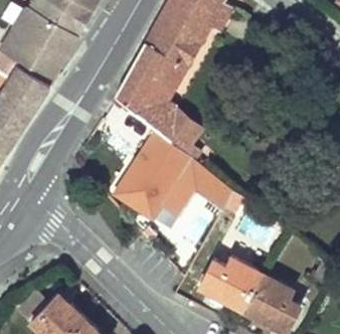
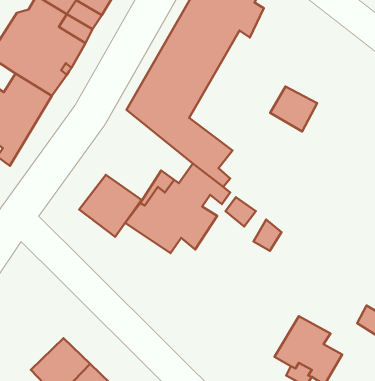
building: none -> [270,86,317,131]
building: none -> [79,175,142,237]
building: [198,257,262,309] -> none

